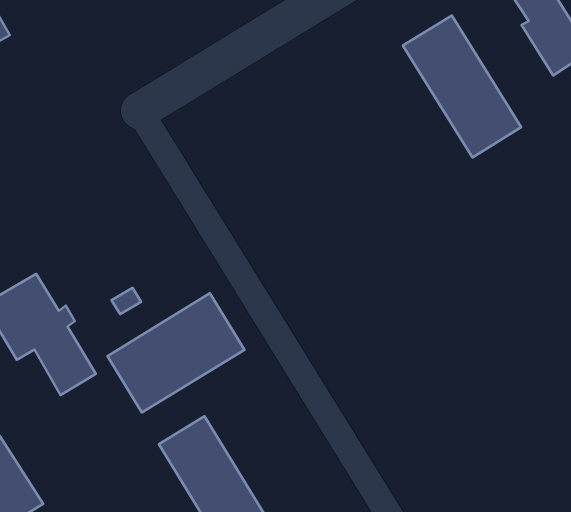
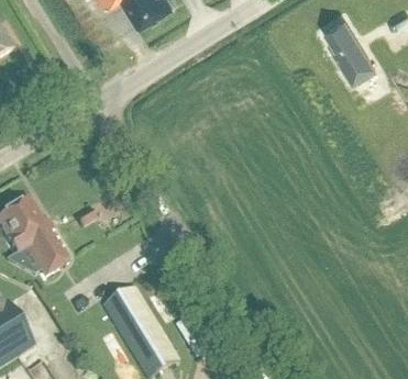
building: [403,15,521,158] -> none
building: [107,293,244,412] -> none

